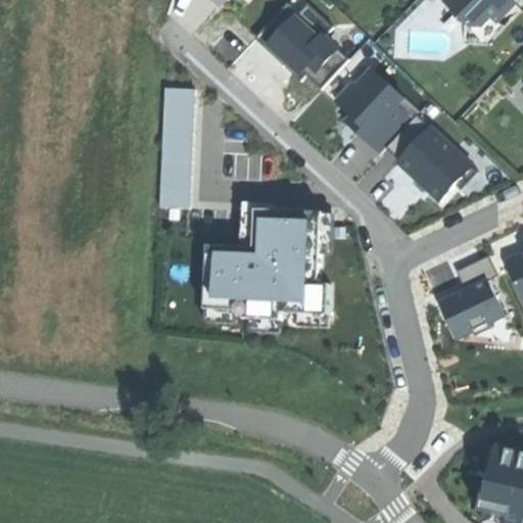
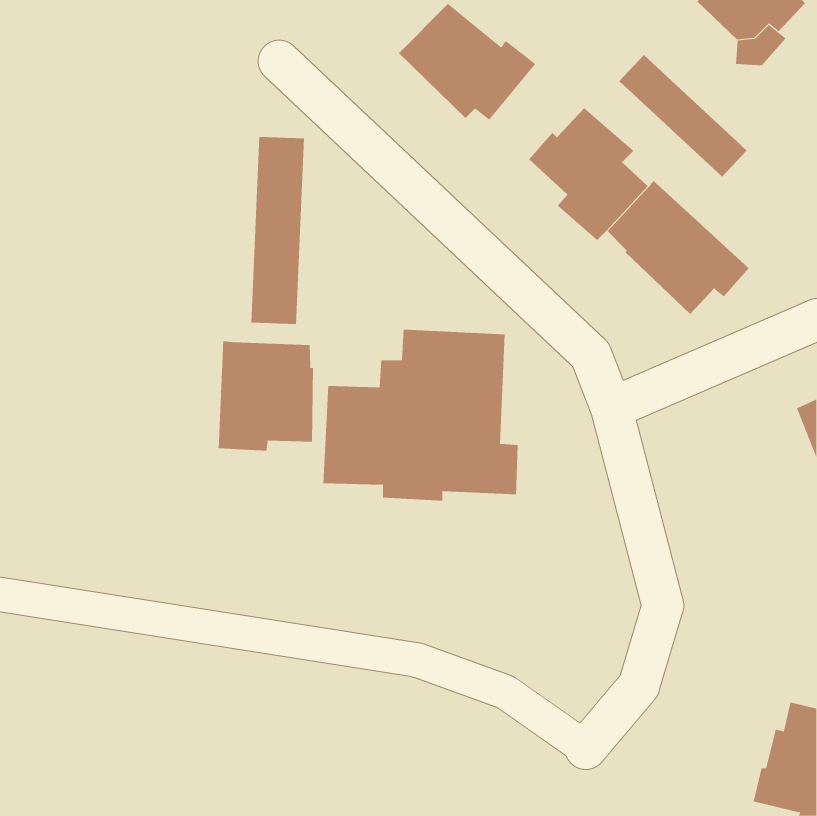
building: none -> [618,54,748,177]
building: none -> [218,340,314,451]
building: [444,253,505,337] -> none

